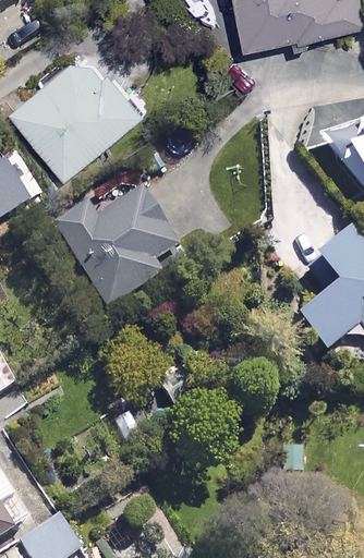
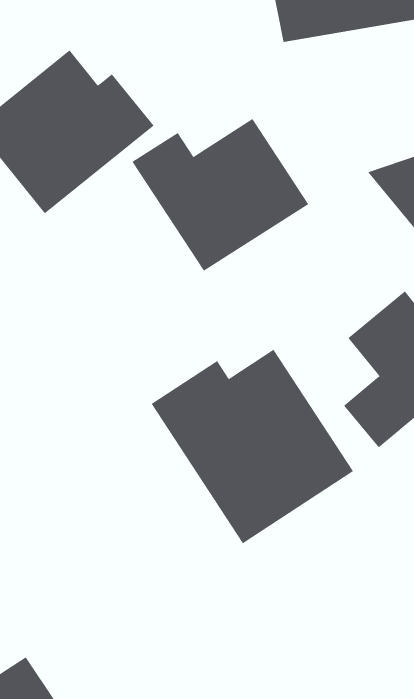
building: [52,186,190,305] -> [132,118,309,272]
building: none -> [151,349,354,544]

